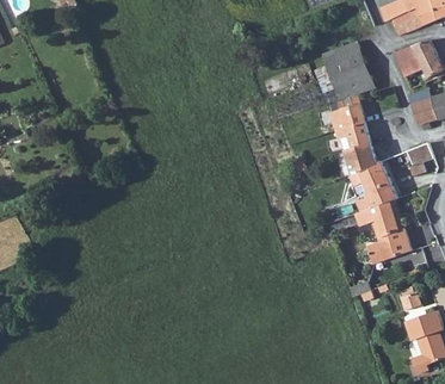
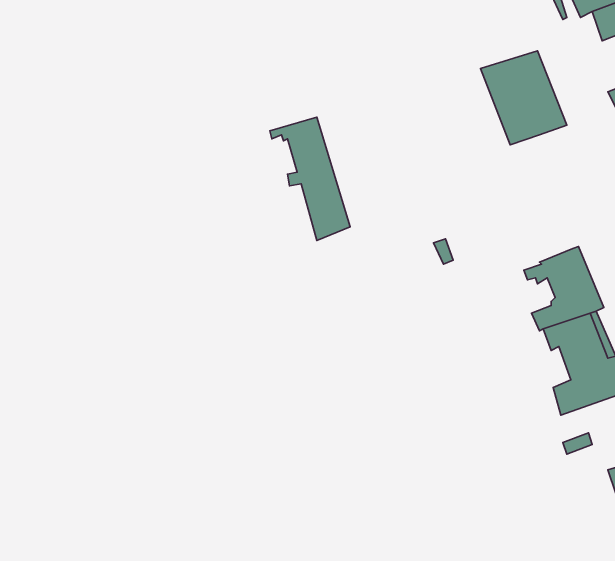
building: [329,95,378,171] -> [270,117,350,241]

